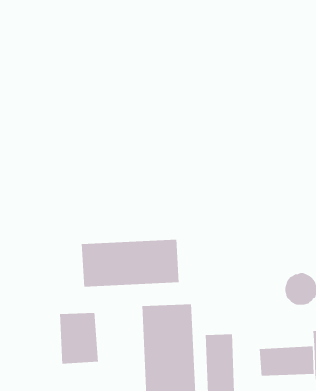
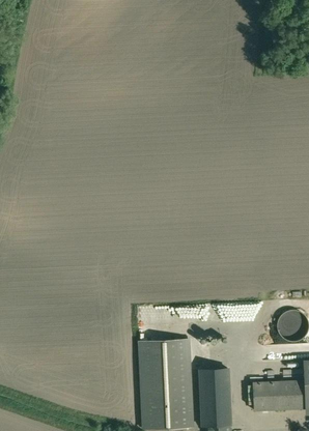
building: [81,239,179,287] -> none
building: [59,312,99,365] -> none

